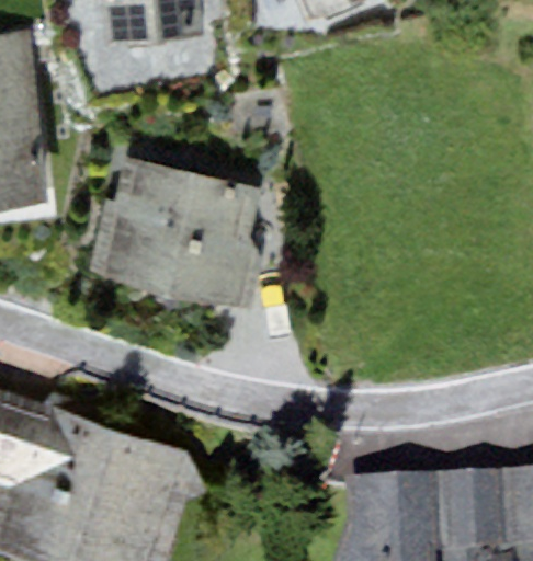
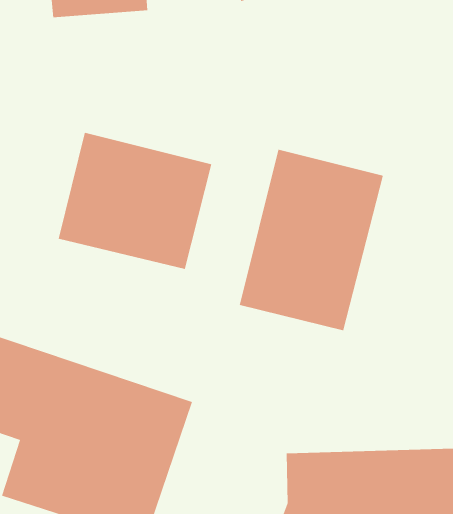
building: none -> [239,149,384,331]

